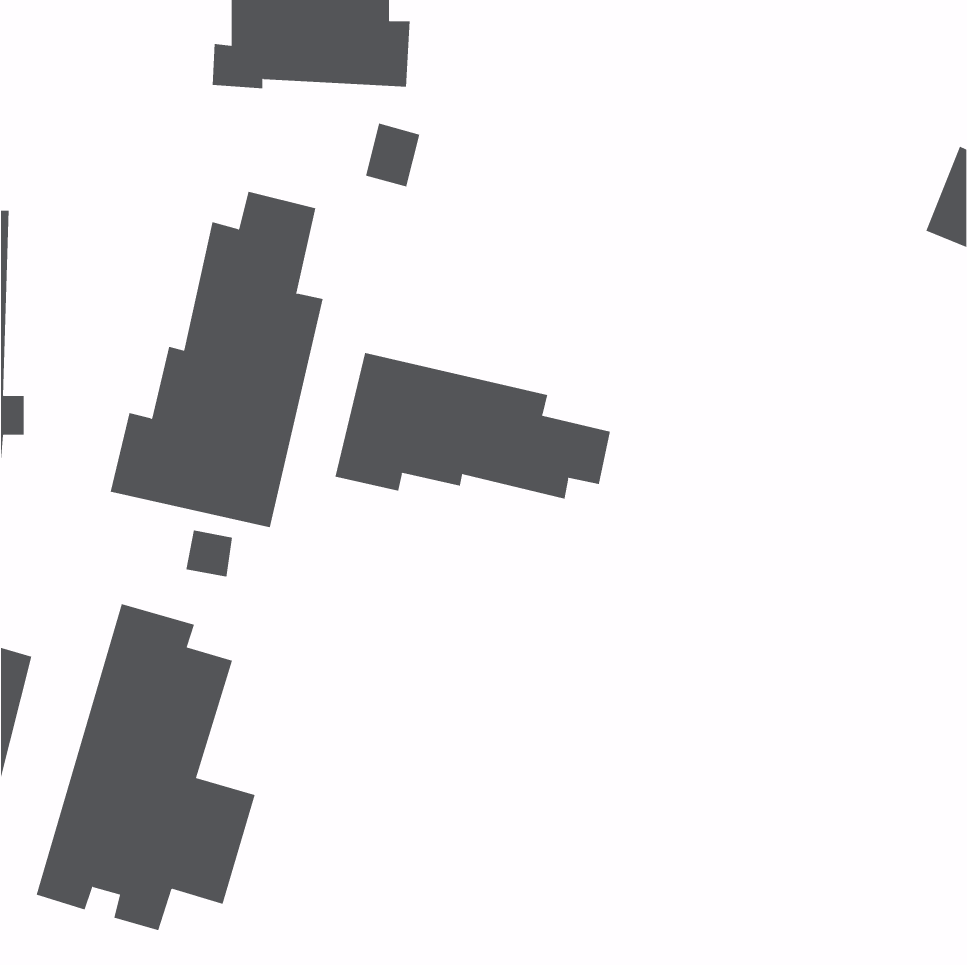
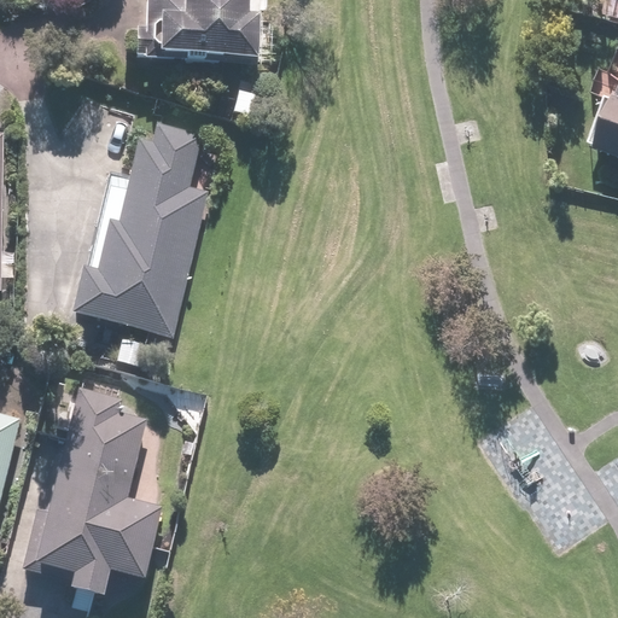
building: [335,352,611,500] -> none

